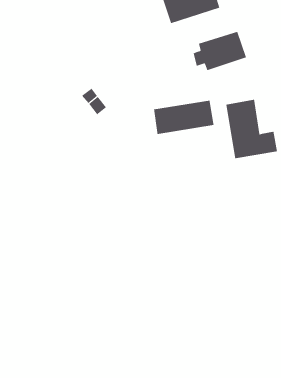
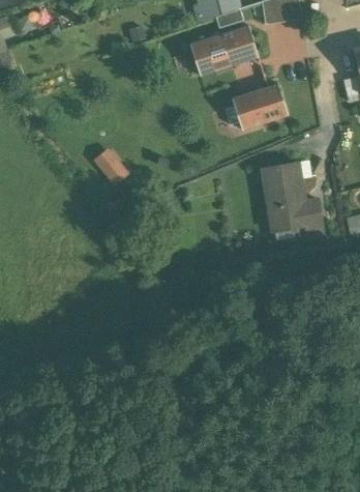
building: [154,100,214,135] -> none

